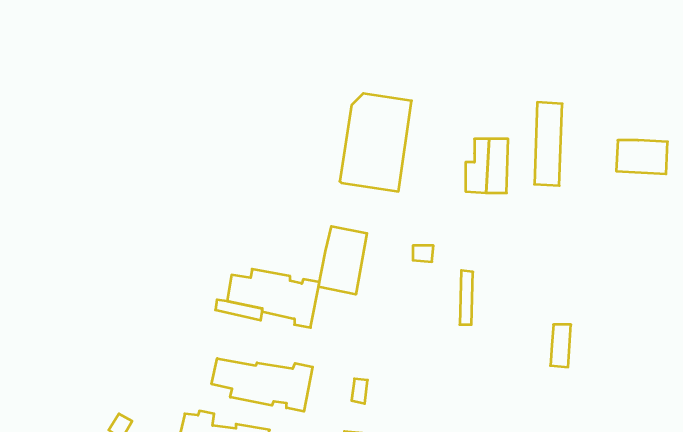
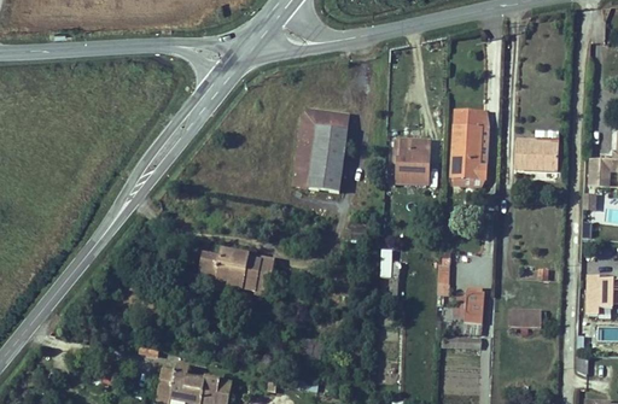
building: none -> [472,110,490,178]
building: [318,226,367,294] -> none
building: none -> [511,309,542,327]
building: [212,358,313,411] -> none

